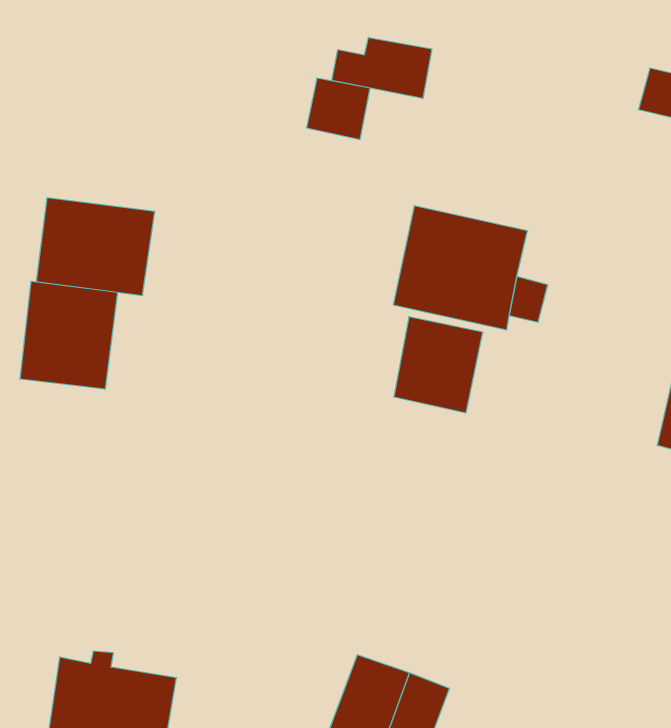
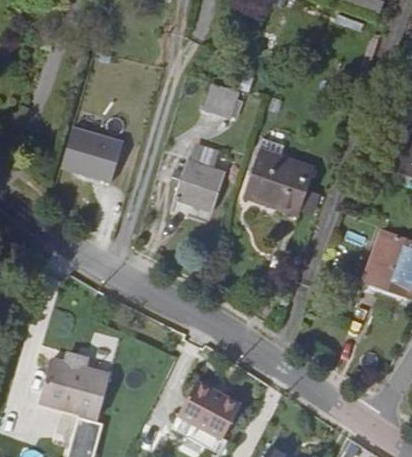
building: [332,37,432,99] -> none
building: [20,281,117,389] -> none
building: [394,317,483,413] -> [176,160,224,211]

